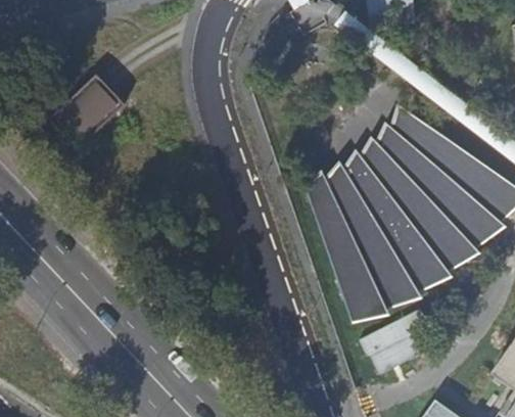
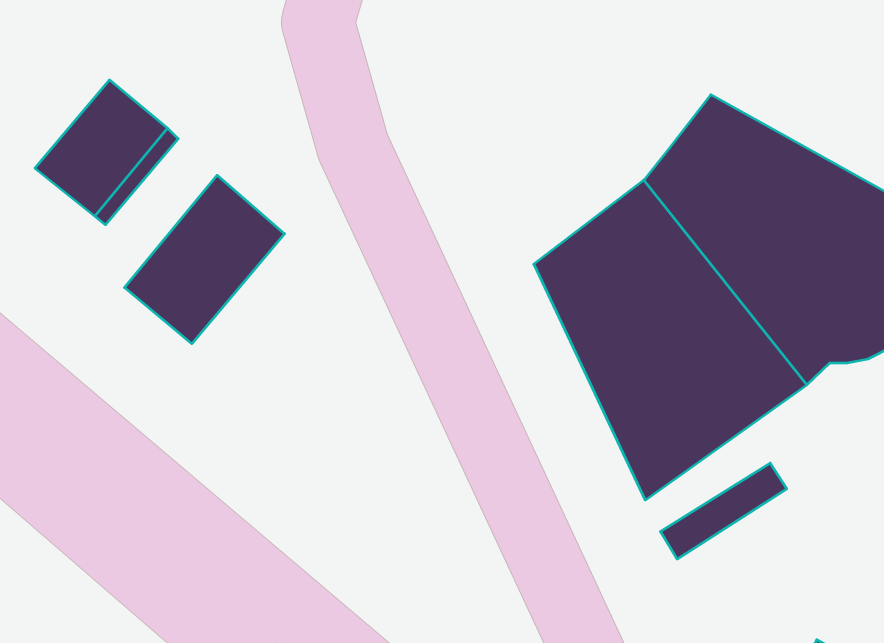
building: none -> [124,175,285,344]

